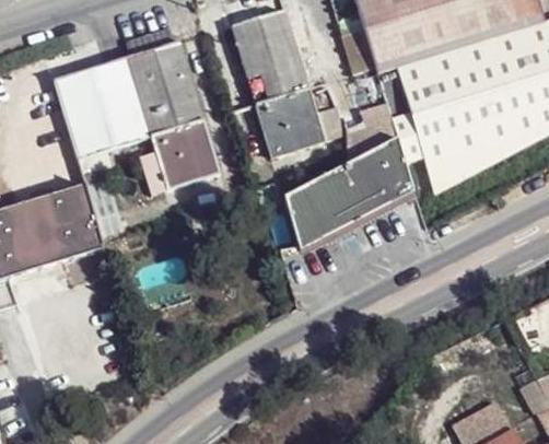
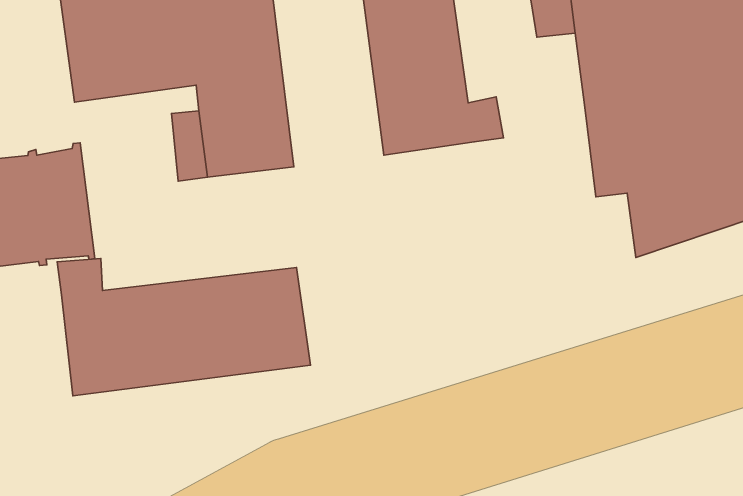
building: [289,106,414,261] -> none
building: none -> [57,259,311,396]

